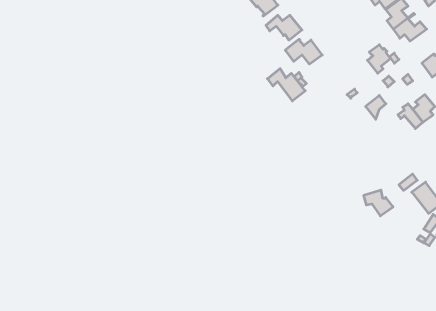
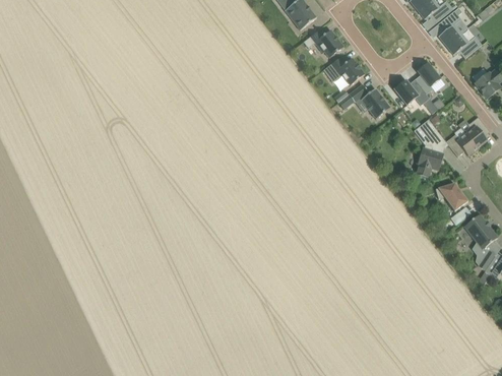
building: none -> [393,79,429,106]
building: [267,69,305,101] -> [348,83,389,119]
building: none -> [417,142,442,177]
building: [364,190,393,216] -> [435,183,467,211]

